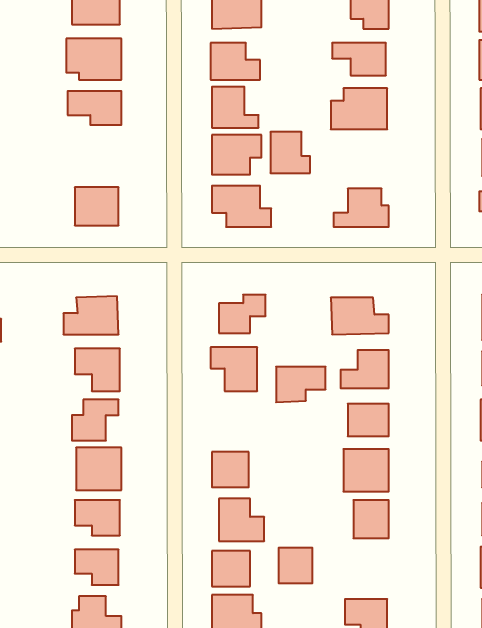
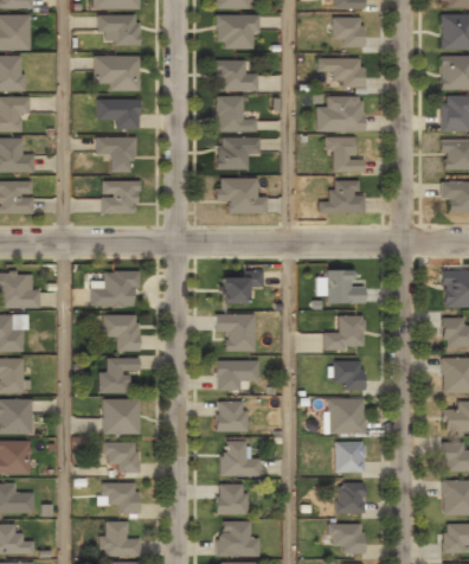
building: [270,132,310,173] -> [329,139,362,173]
building: none -> [96,136,135,171]
building: [276,367,326,402] -> [217,360,258,390]
building: [279,548,312,583] -> [336,485,365,514]

